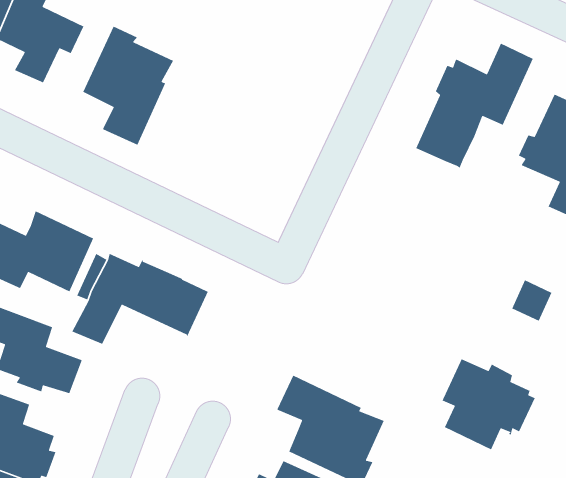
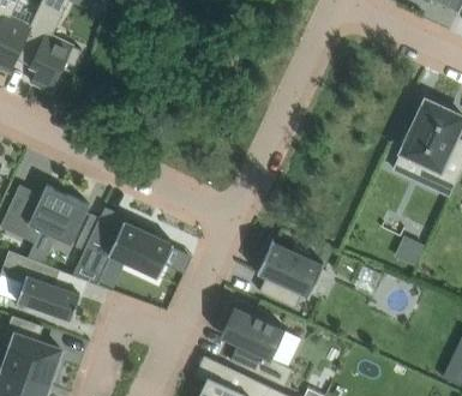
building: [82,26,174,146] -> none
building: [415,43,534,169] -> none
building: [441,357,536,451] -> [256,240,325,308]

